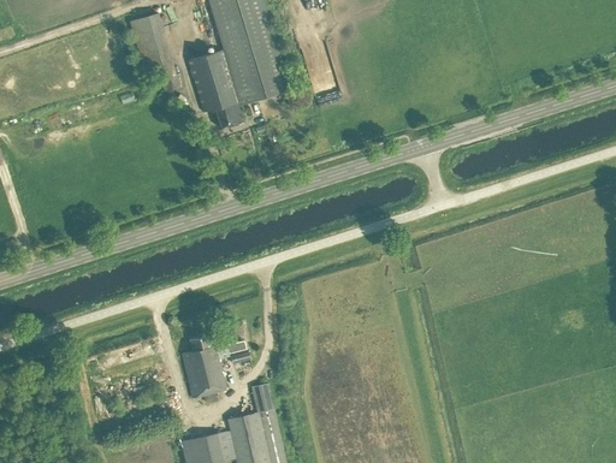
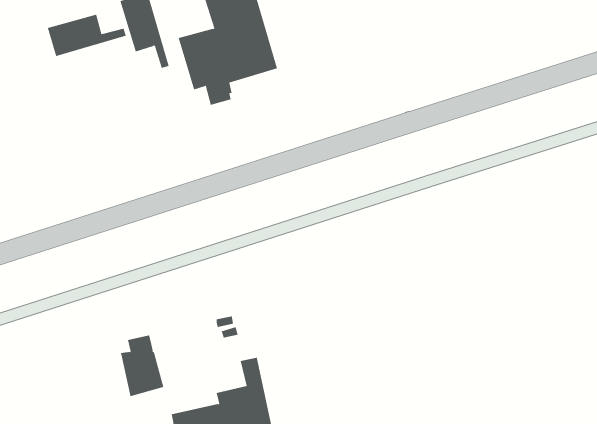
building: none -> [47,14,126,57]
building: [182,334,226,397] -> [120,335,164,397]

